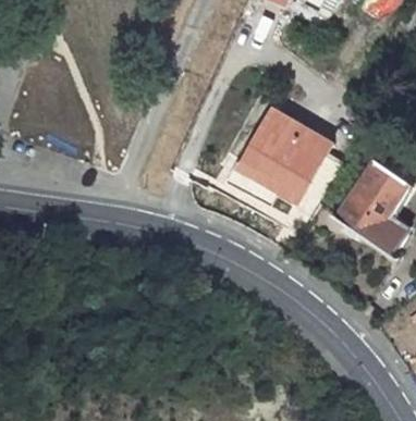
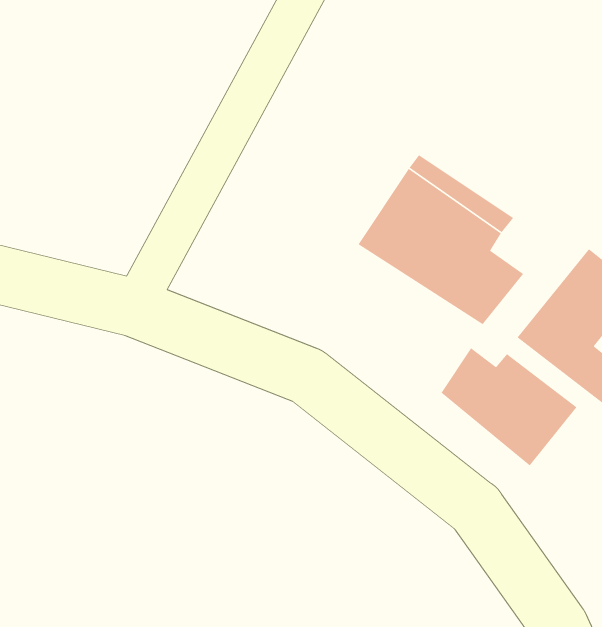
building: none -> [440,347,577,467]

